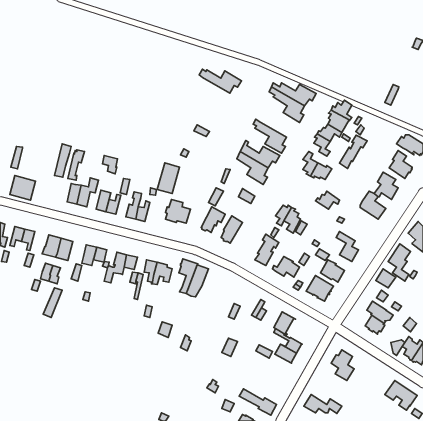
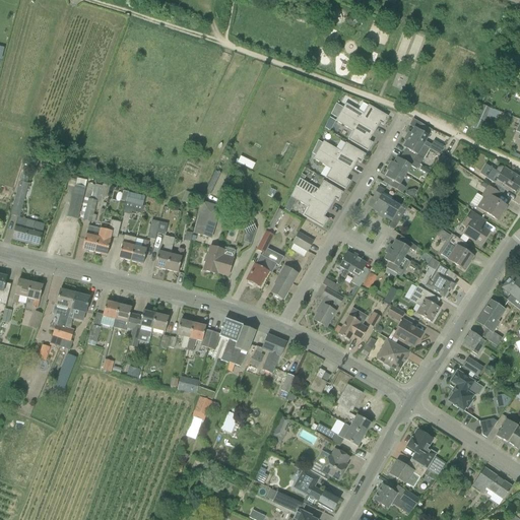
building: [199,69,242,93] -> [314,139,366,169]
building: [339,135,367,169] -> none
building: none -> [384,247,409,275]
building: none -> [425,262,456,297]
building: none -> [249,333,286,373]
building: none -> [310,448,349,479]
building: none -> [389,459,437,488]

